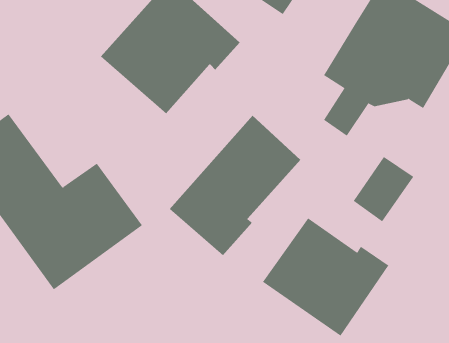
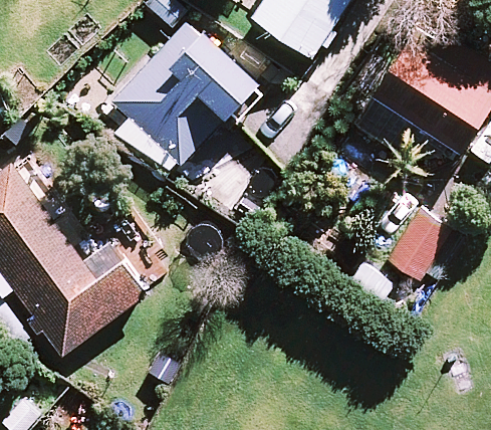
building: [169,115,301,256] -> none
building: [262,217,389,337] -> none

